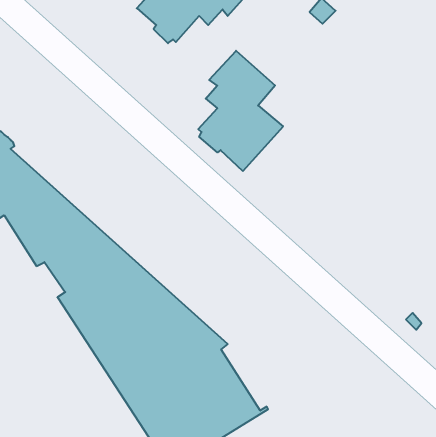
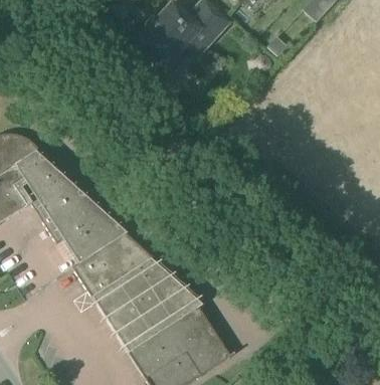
building: [198,51,283,171] -> none

